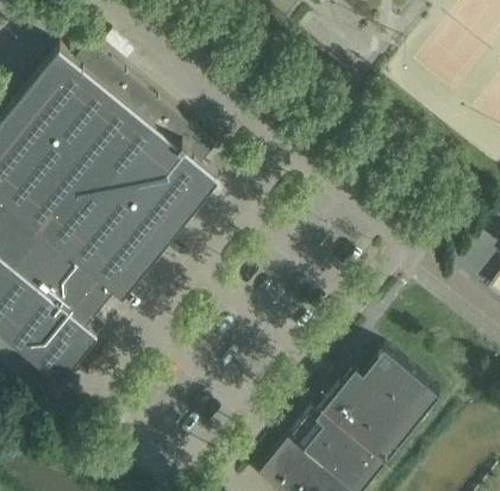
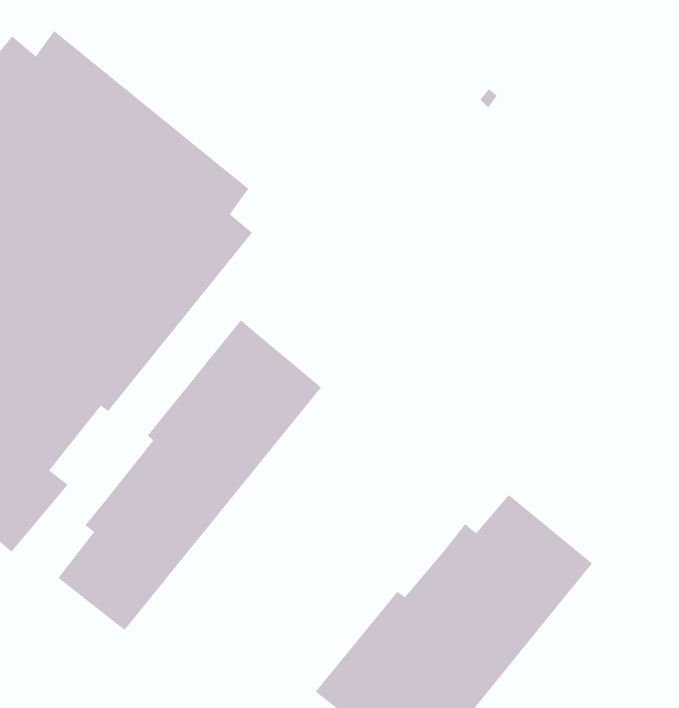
building: none -> [58,319,322,631]

